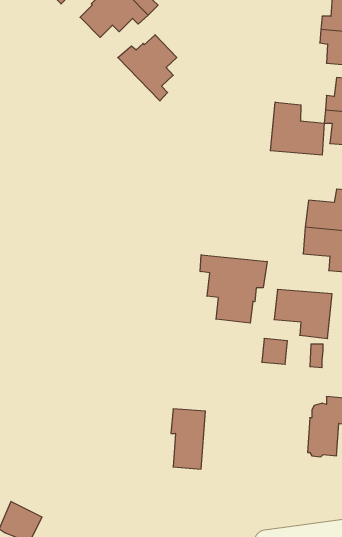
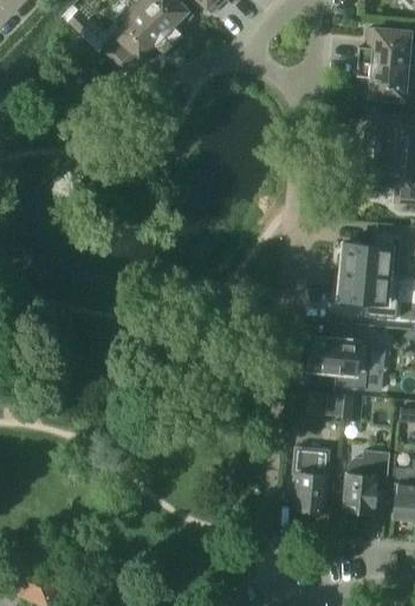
building: [118,35,177,101] -> none
building: [270,102,324,155] -> none
building: [200,255,267,323] -> none
building: [171,409,205,469] -> [292,447,329,511]

